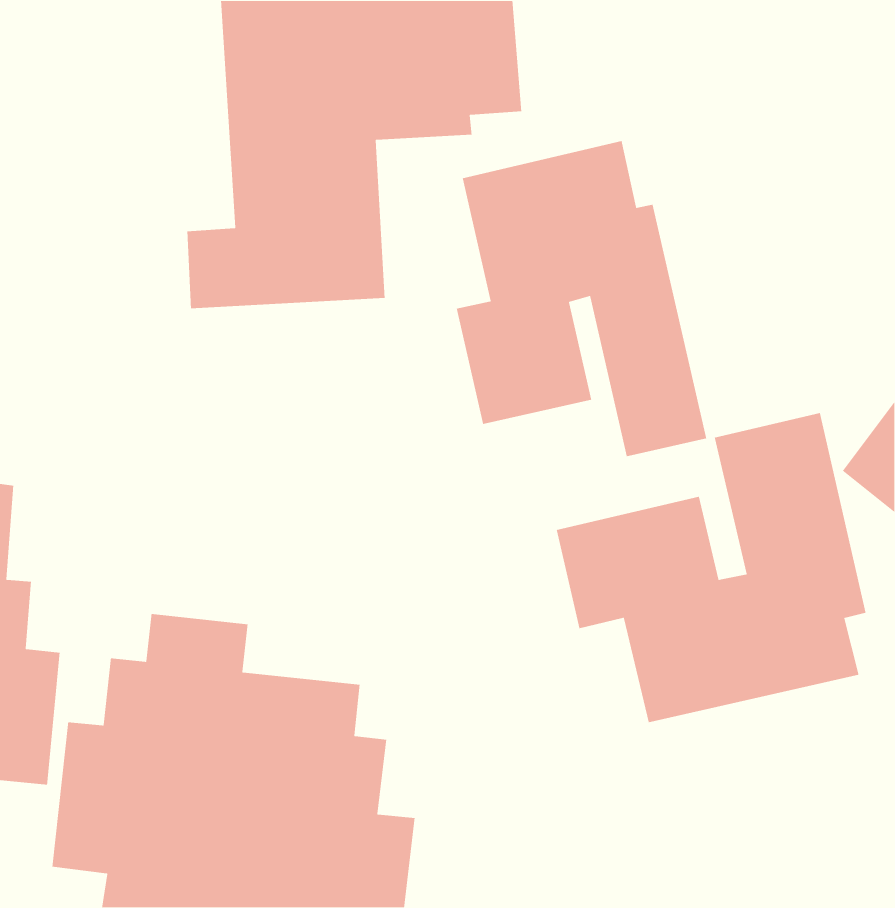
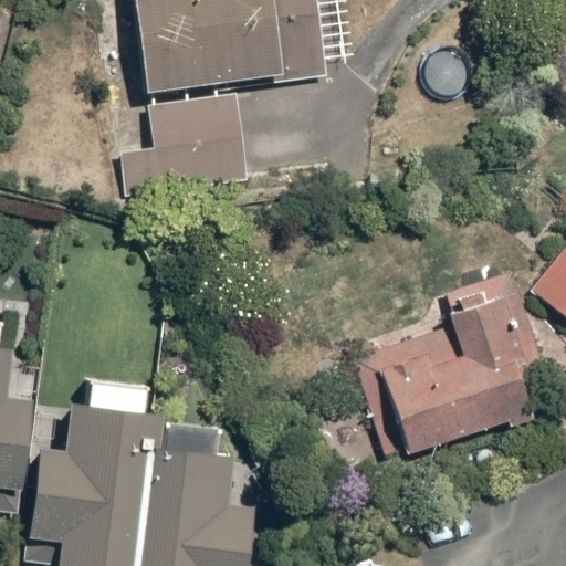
building: [456,140,707,457] -> none

